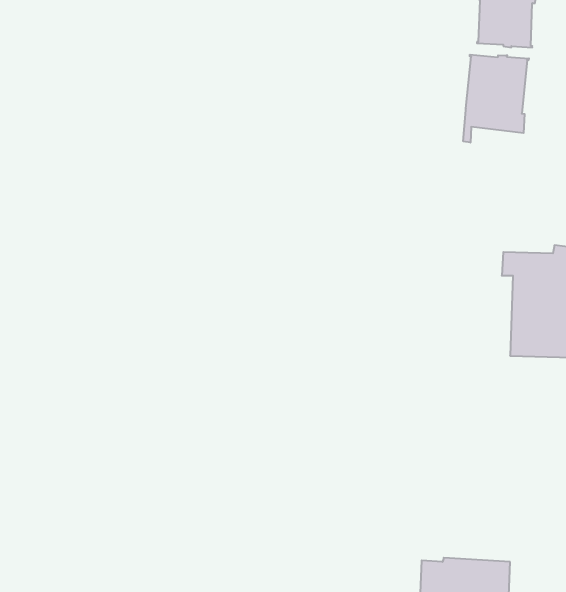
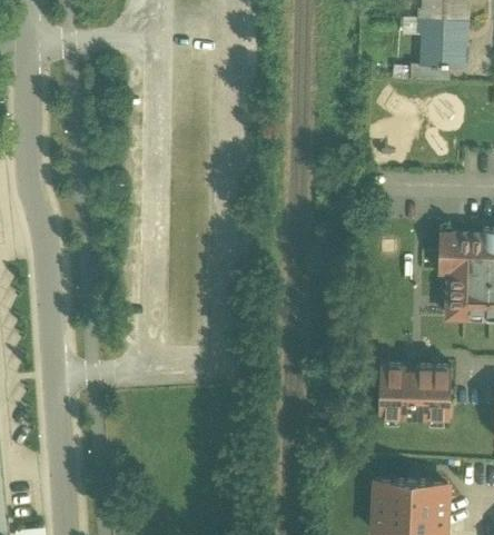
building: [463,55,529,143] -> none
building: none -> [379,364,452,419]

